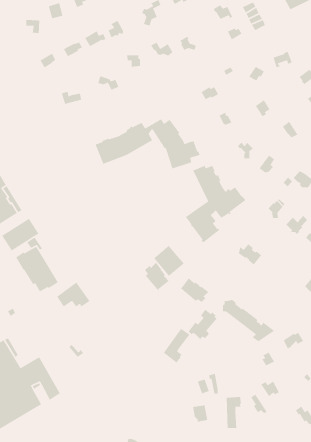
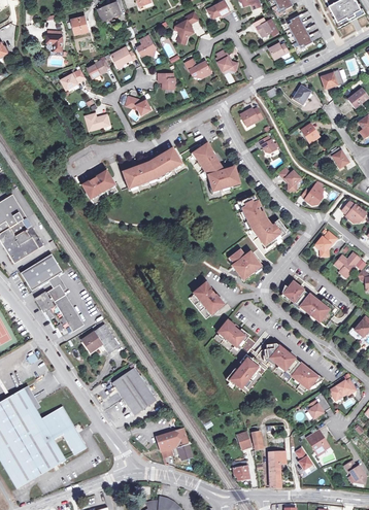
building: none -> [82,171,116,204]
building: none -> [299,295,334,326]
building: [144,262,169,292] -> none
building: none -> [111,368,156,414]
building: [163,328,191,363] -> none
building: none -> [155,428,192,460]

